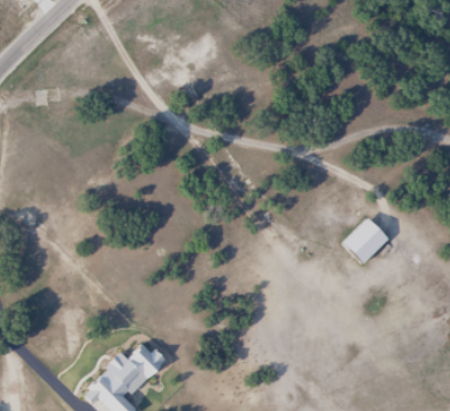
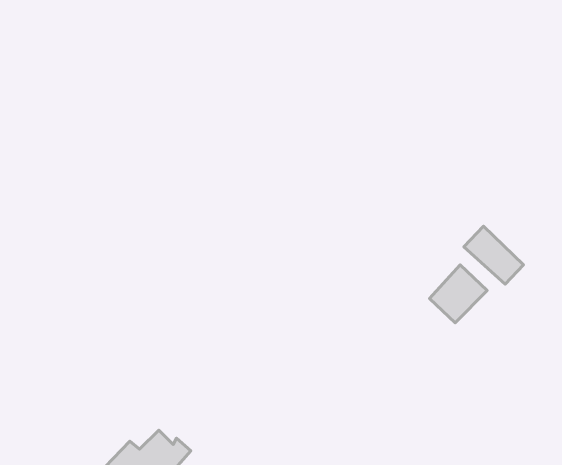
building: none -> [464,226,523,284]

